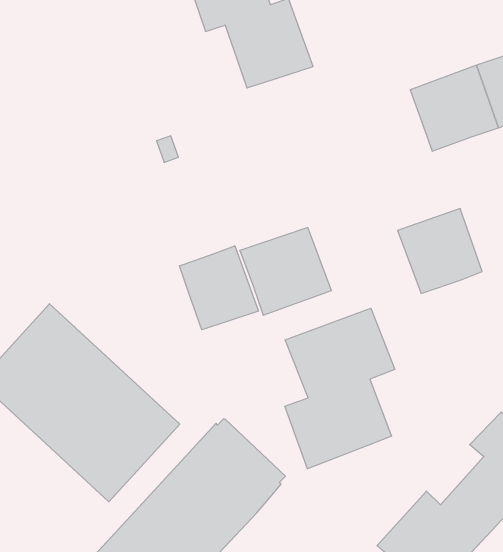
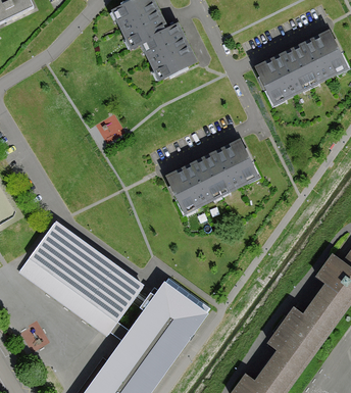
building: [398,209,482,293] -> [204,141,257,194]
building: [179,246,258,330] -> none
building: [285,308,395,469] -> none

